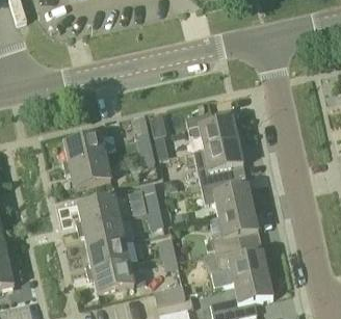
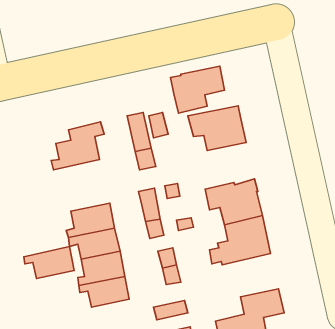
building: [193,142,242,185] -> [171,66,224,113]
building: [63,158,109,187] -> [24,247,74,279]
building: [216,243,267,283] -> none

